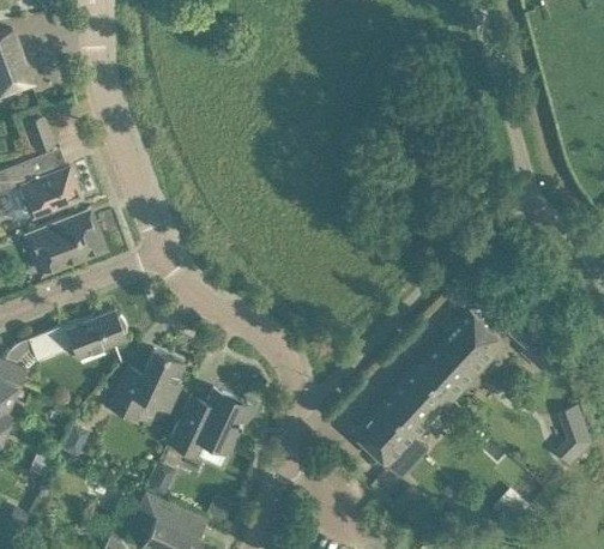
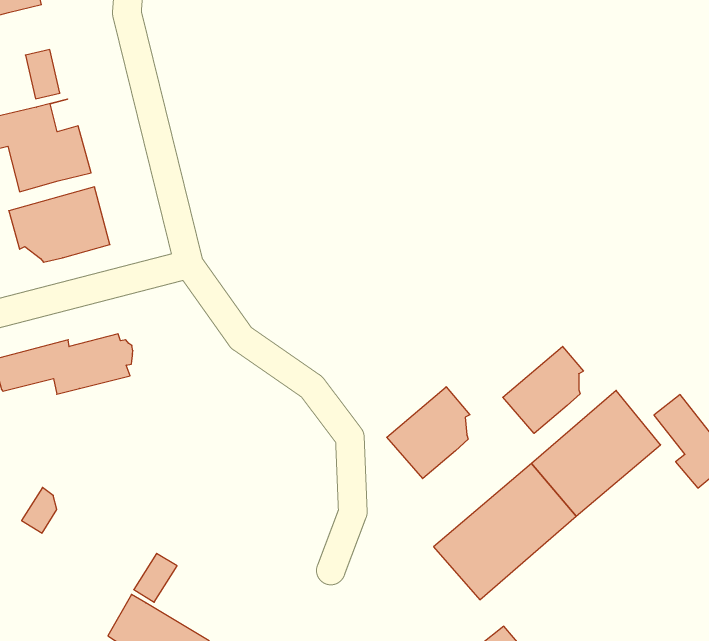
building: none -> [503,346,583,433]
building: none -> [387,387,470,479]
building: [107,350,182,422] -> none
building: [167,390,248,460] -> none

